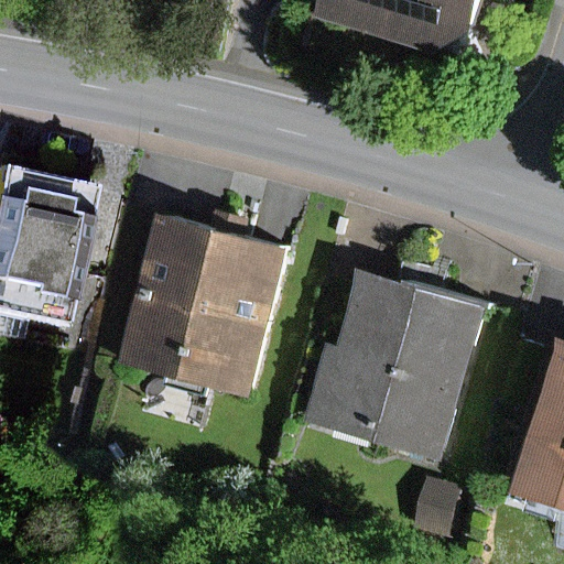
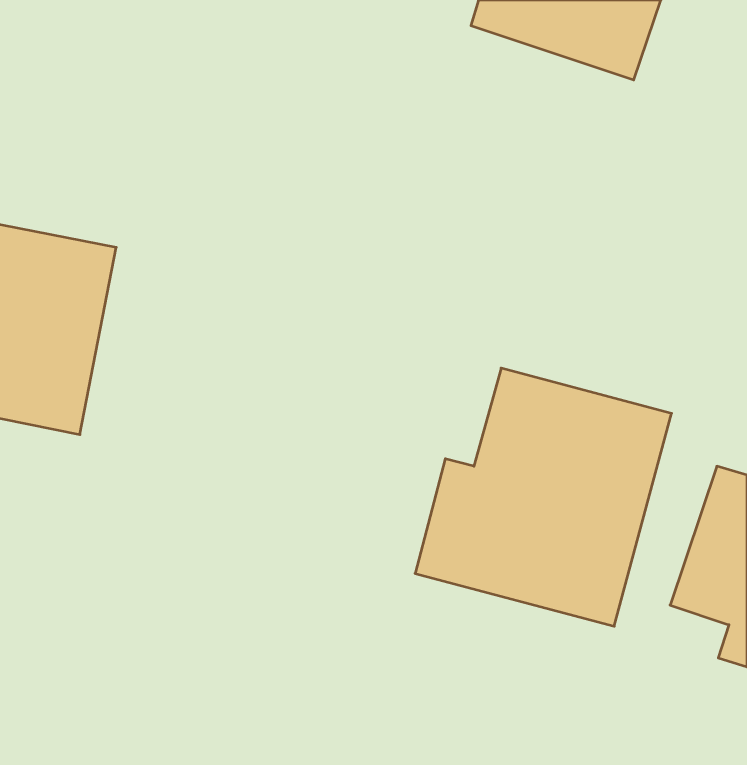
building: [130,214,295,393] -> none

